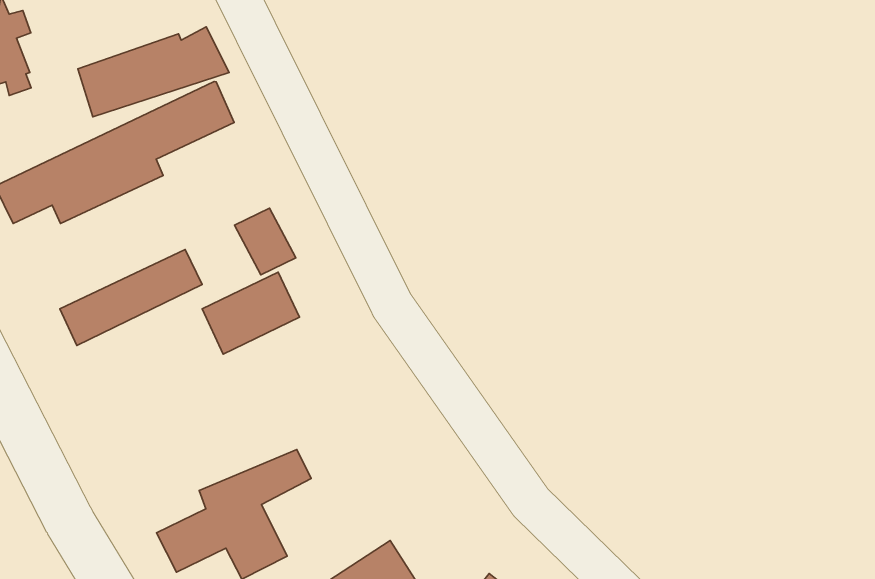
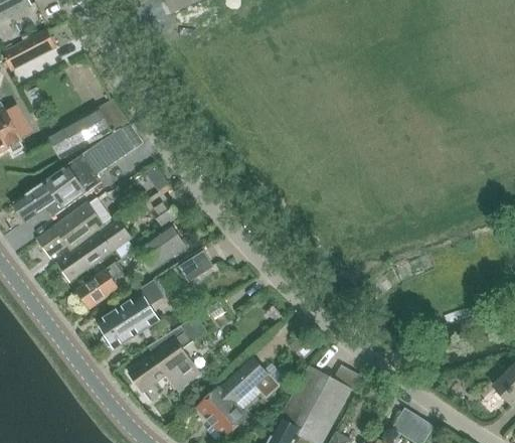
building: none -> [38,198,112,255]
building: none -> [76,262,124,308]
building: none -> [179,251,213,281]
building: none -> [98,280,163,348]

